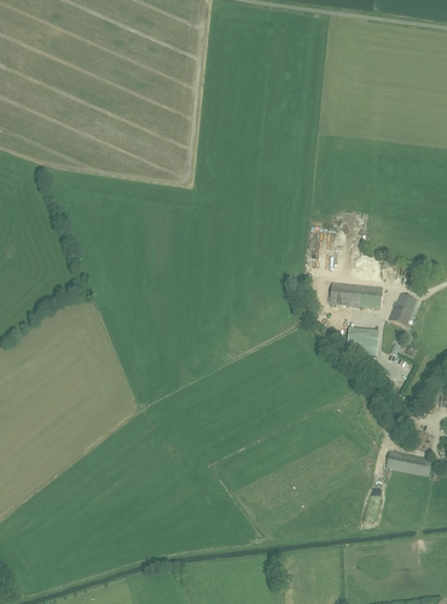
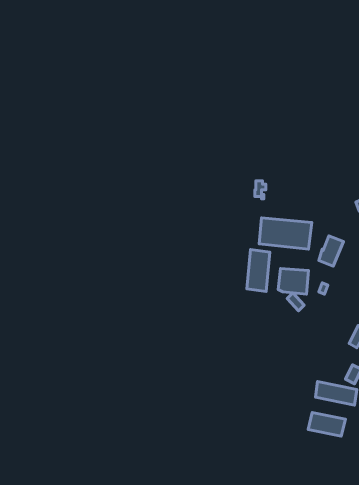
building: none -> [247,249,270,292]
building: none -> [308,413,345,436]

